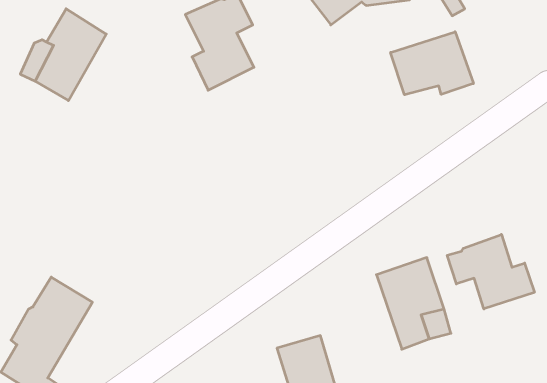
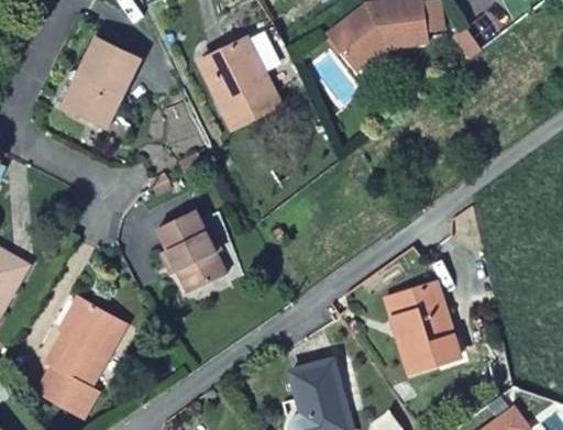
building: [391,32,473,95] -> none
building: none -> [155,210,224,296]
building: [447,234,534,309] -> none

